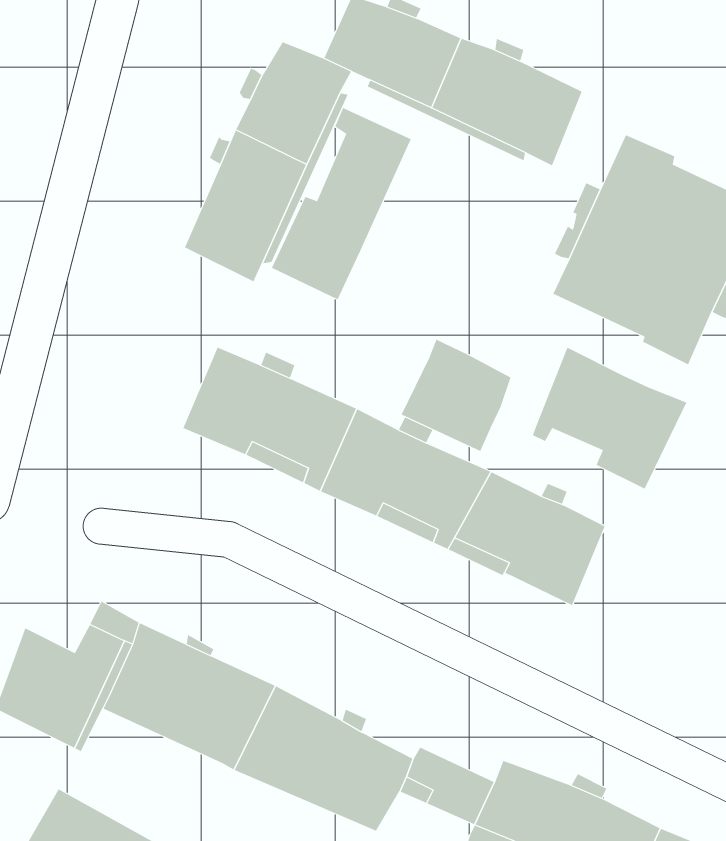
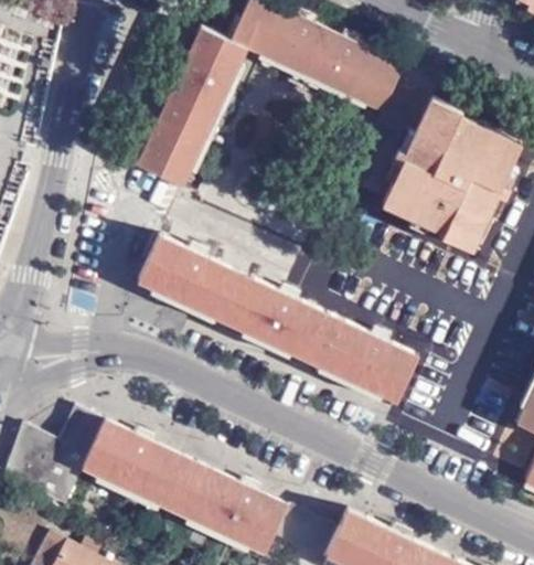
building: [271,107,411,300] -> none
building: [401,339,511,452] -> none
building: [532,347,687,490] -> none

